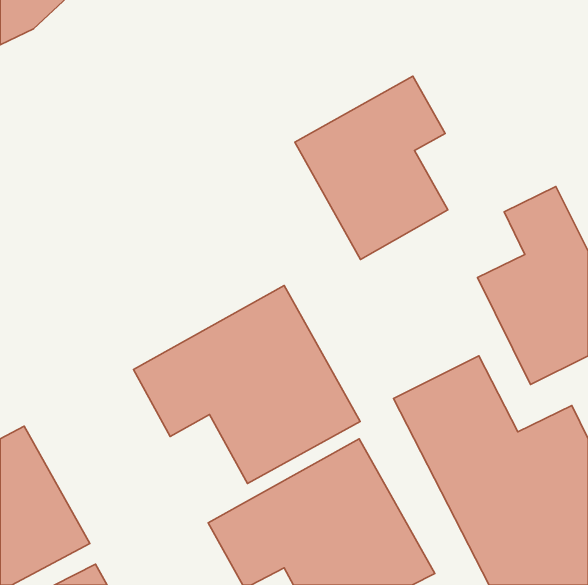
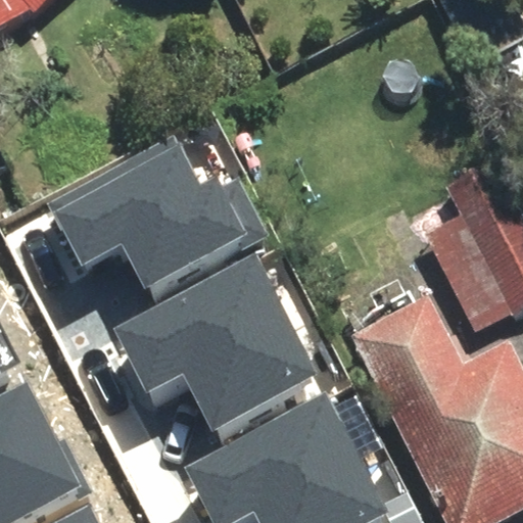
building: [295,76,448,260] -> none
building: none -> [51,134,265,292]

